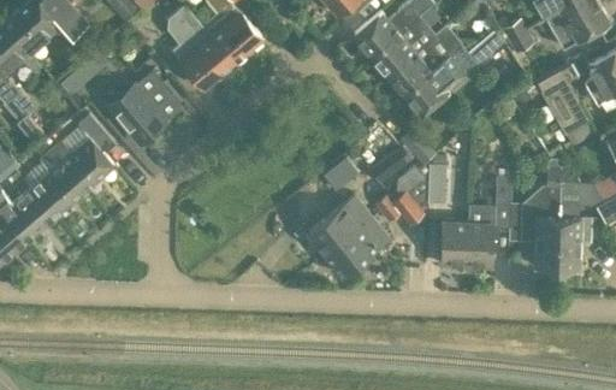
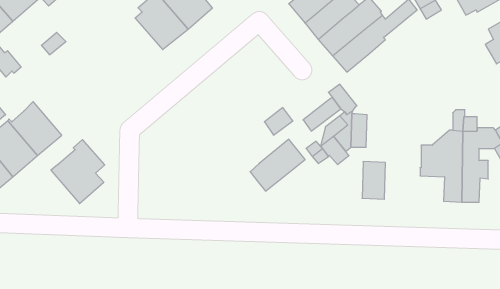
building: [538,65,596,146] -> none
building: [109,70,184,143] -> none
building: [52,114,116,190] -> [51,140,105,204]
building: [467,170,511,267] -> none
building: [326,219,390,277] -> none

